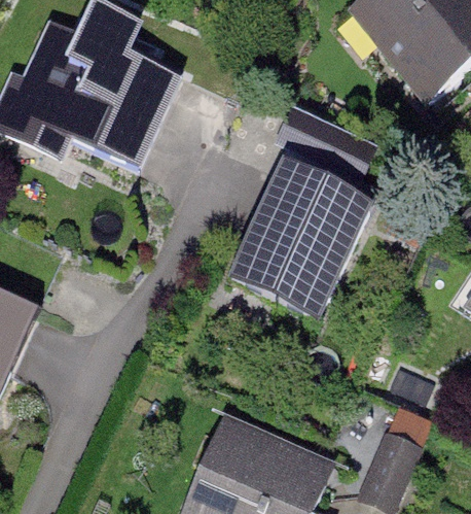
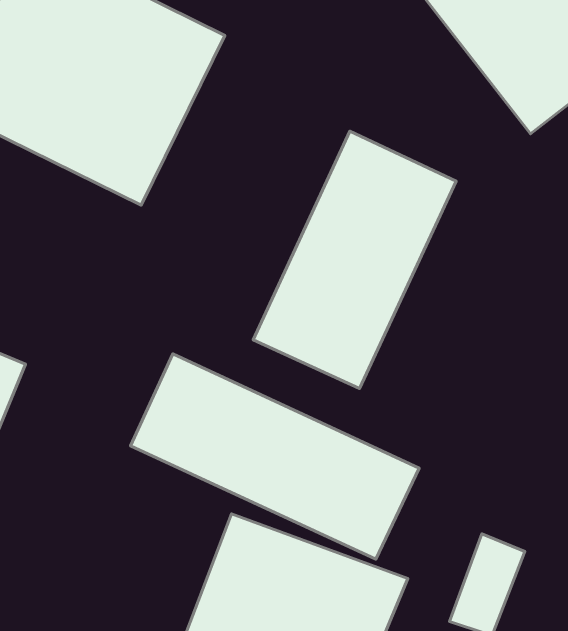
building: none -> [131,354,419,559]

